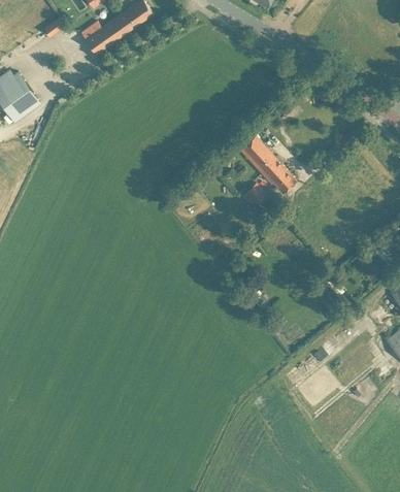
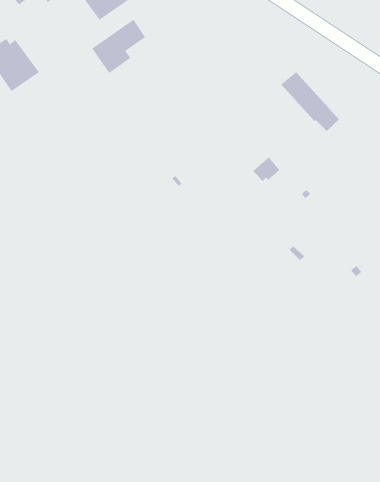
building: none -> [92,19,146,74]
building: [240,136,296,193] -> [281,71,340,132]

